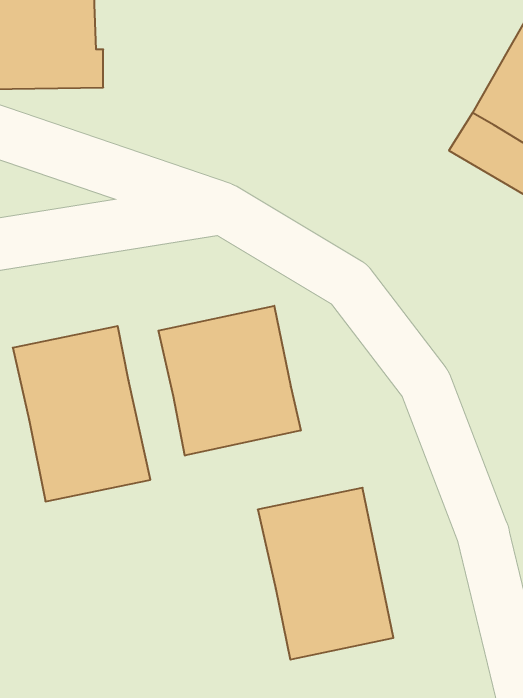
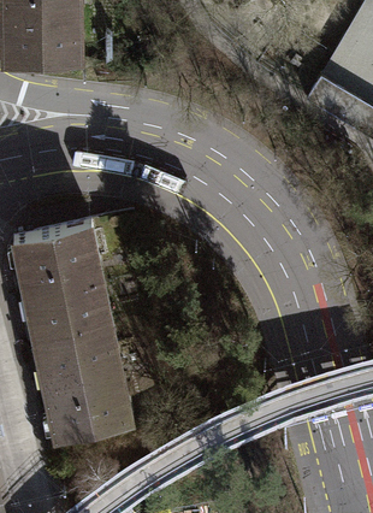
building: [158,306,301,456] -> none
building: [258,488,393,660] -> [40,328,130,442]

